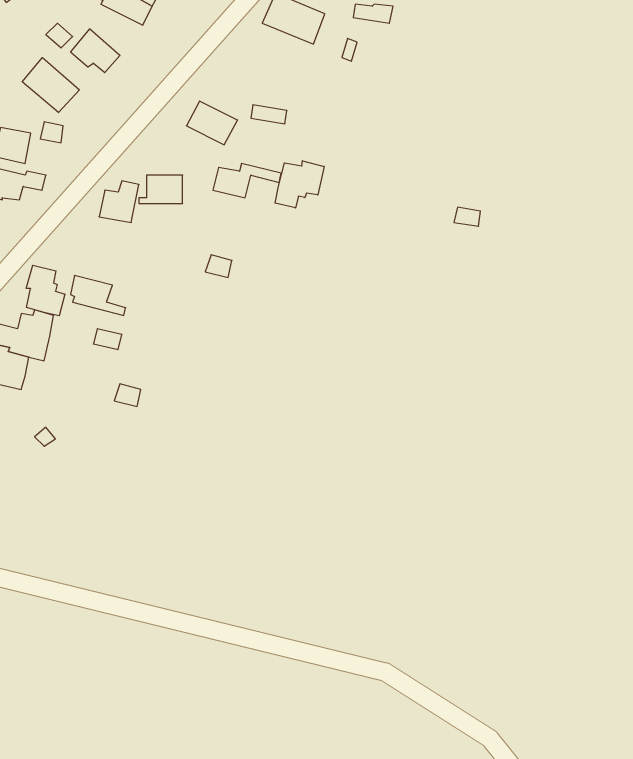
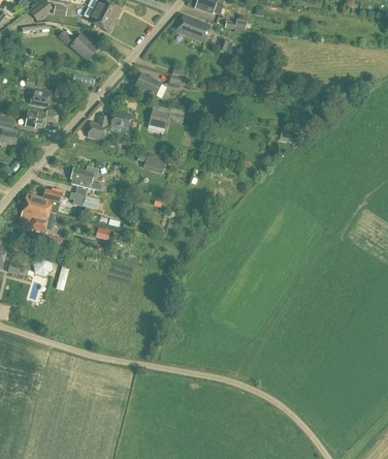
building: [22,58,79,113] -> none
building: [275,161,324,208] -> none
building: [26,265,65,316] -> none

